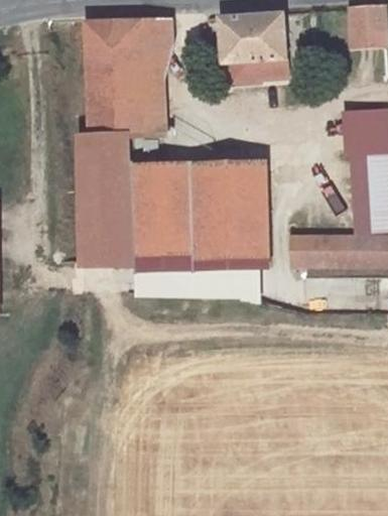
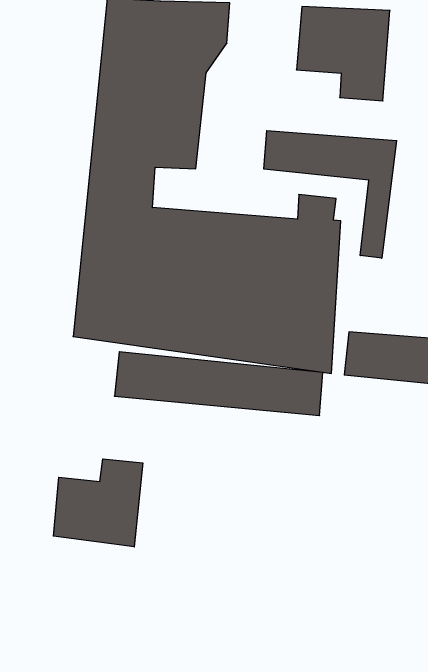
building: none -> [264,131,397,258]
building: none -> [53,459,143,547]

